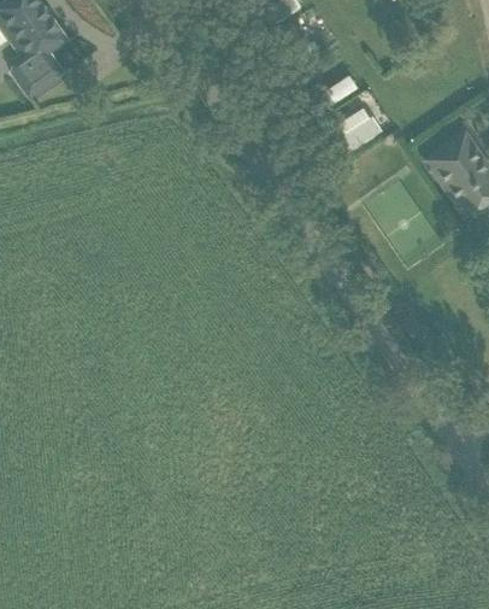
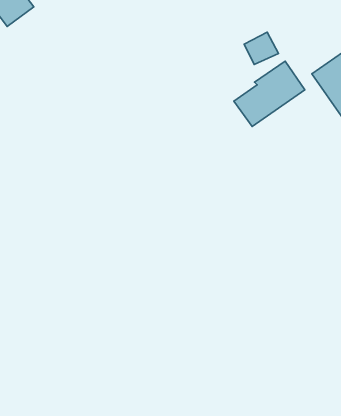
building: none -> [234,61,305,127]

